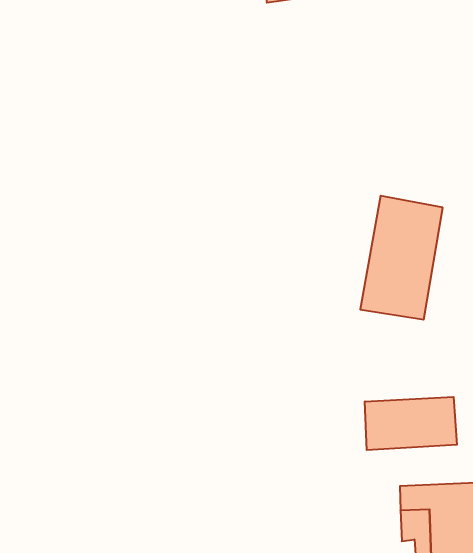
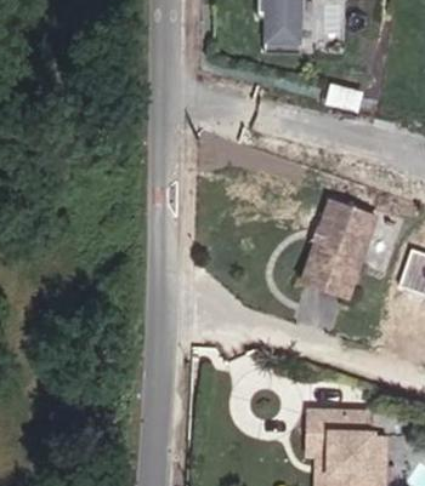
building: [365,397,457,450] -> none

